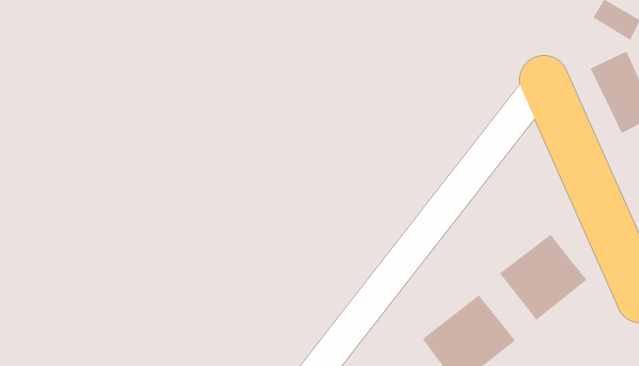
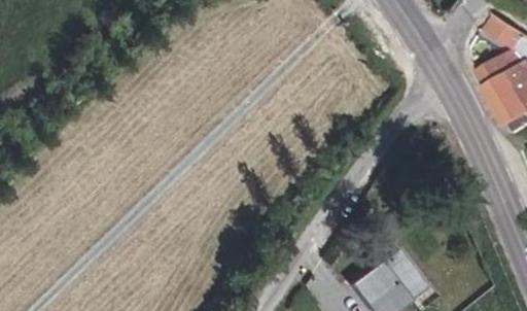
building: [499,234,587,321] -> none

